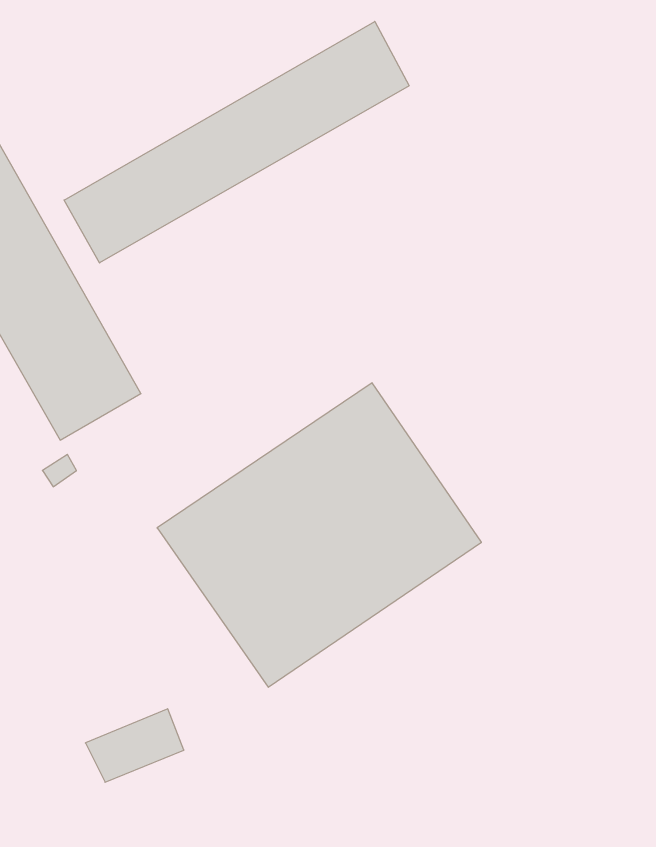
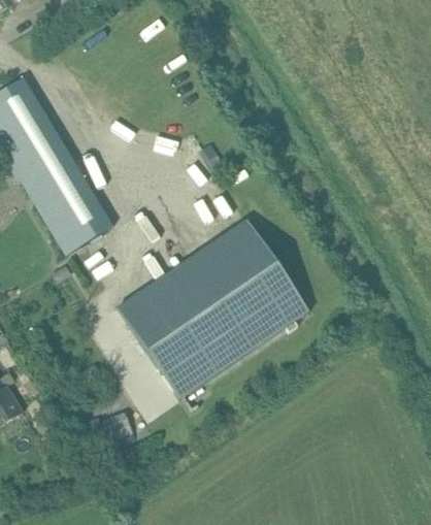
building: [64,21,409,263] -> none

